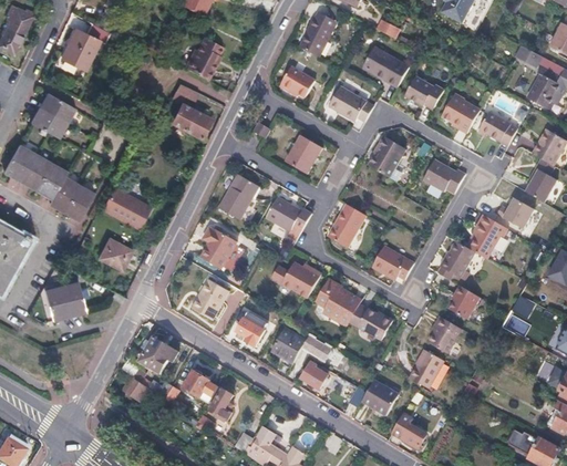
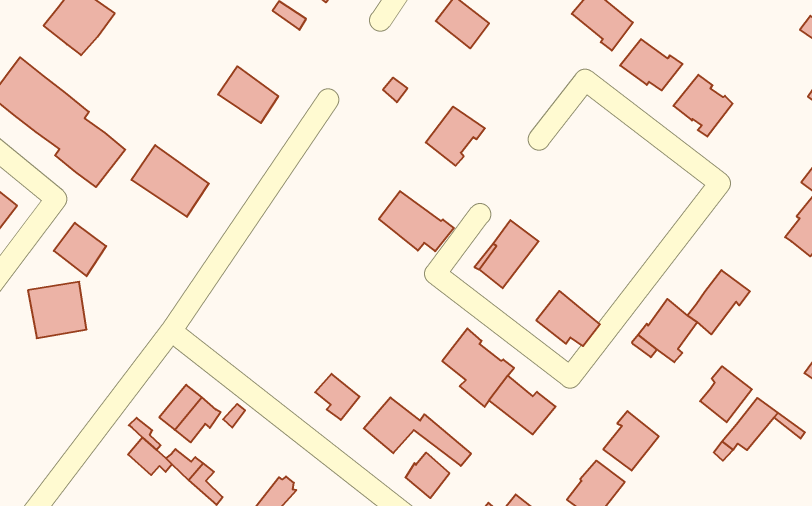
building: [338,90,373,121] -> none
building: [172,104,210,138] -> [218,66,278,123]
building: [477,110,516,144] -> none
building: [369,135,408,177] -> none
building: [422,157,465,191] -> none
building: [218,174,258,219] -> none
building: [505,197,536,228] -> none
building: [199,228,237,268] -> none
building: [99,238,132,271] -> [54,223,106,276]
building: [269,265,320,301] -> none
building: [192,280,229,320] -> none
building: [446,284,478,320] -> [700,366,752,422]
building: [183,370,219,403] -> none

